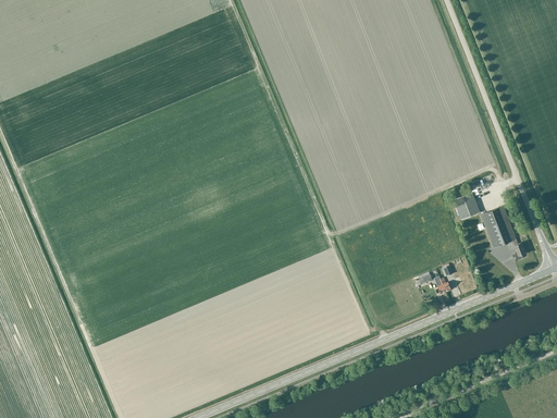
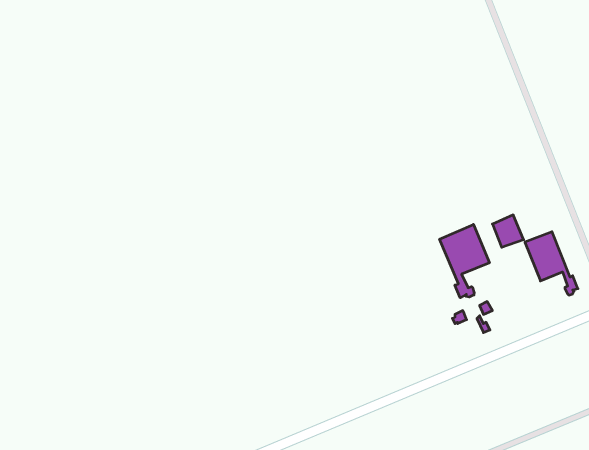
building: none -> [440,224,489,298]

